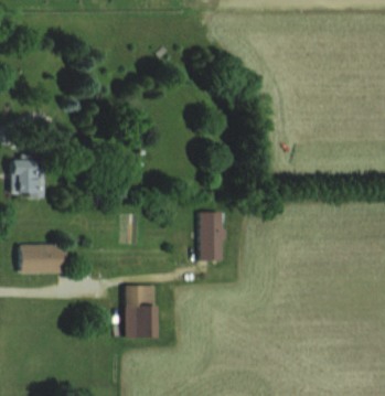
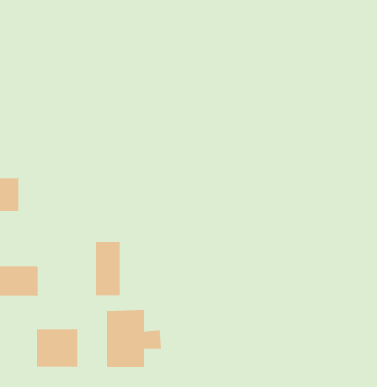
building: [200,212,223,261] -> [95,241,121,296]
building: none -> [37,328,78,368]

